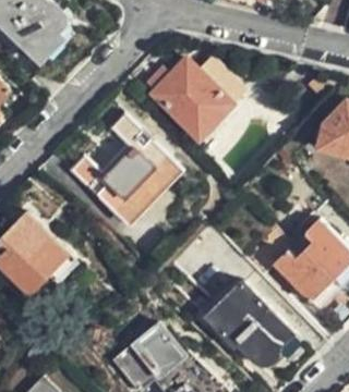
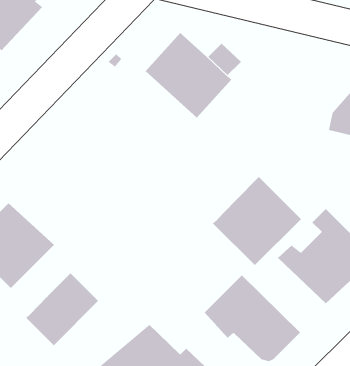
building: [71,114,176,219] -> none
building: none -> [212,176,302,266]
building: none -> [25,273,99,346]

